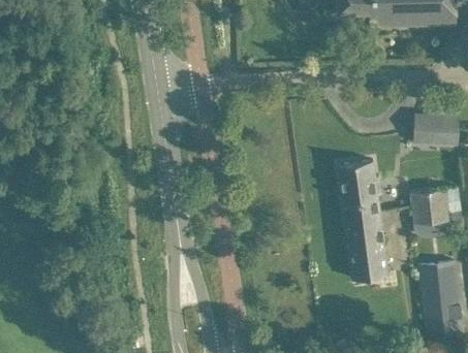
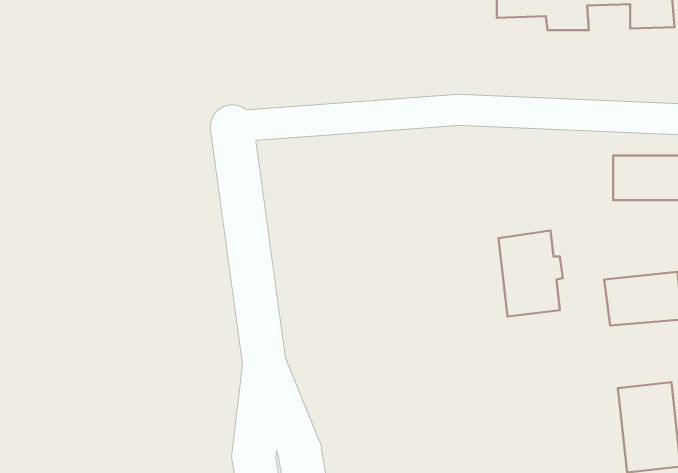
building: [346,215,389,280] -> none

